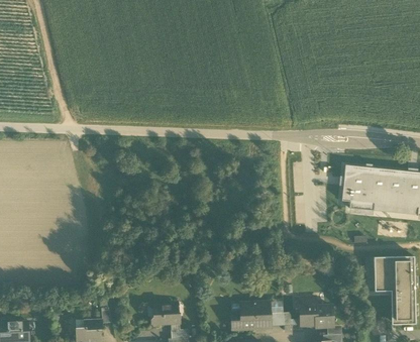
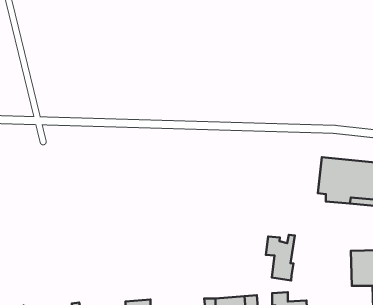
building: none -> [266,235,295,281]

